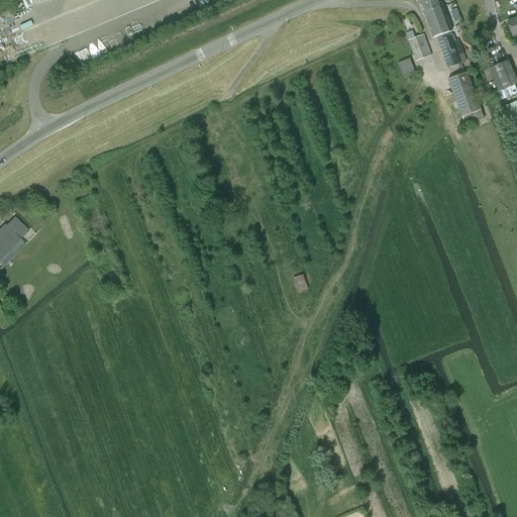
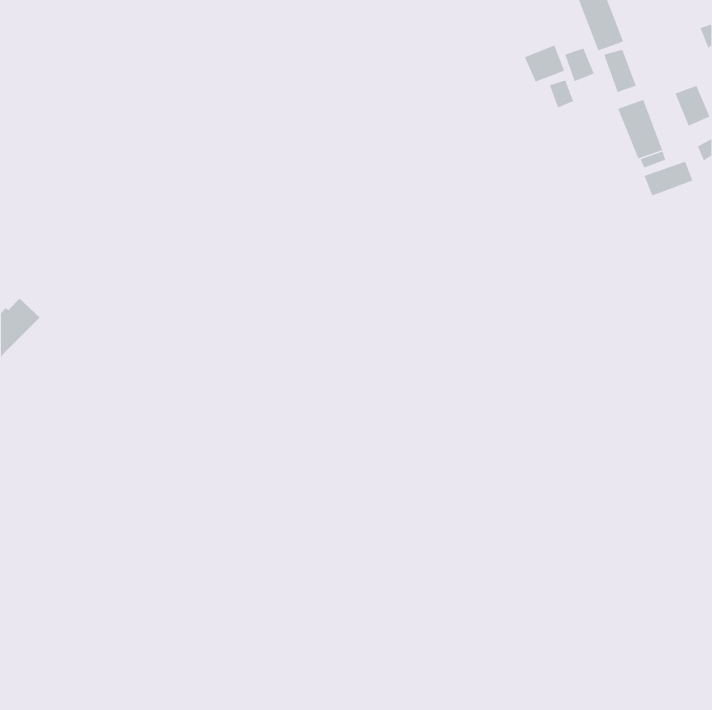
building: none -> [524,45,565,82]
building: none -> [643,160,694,197]

